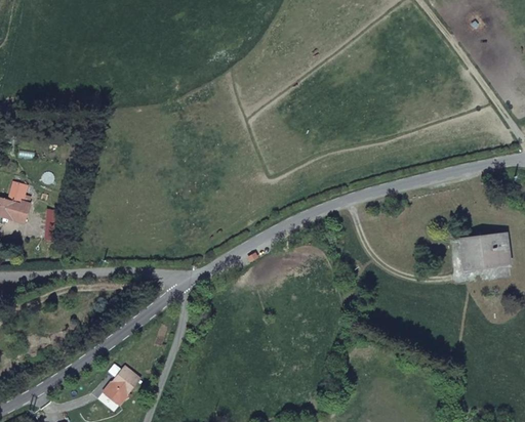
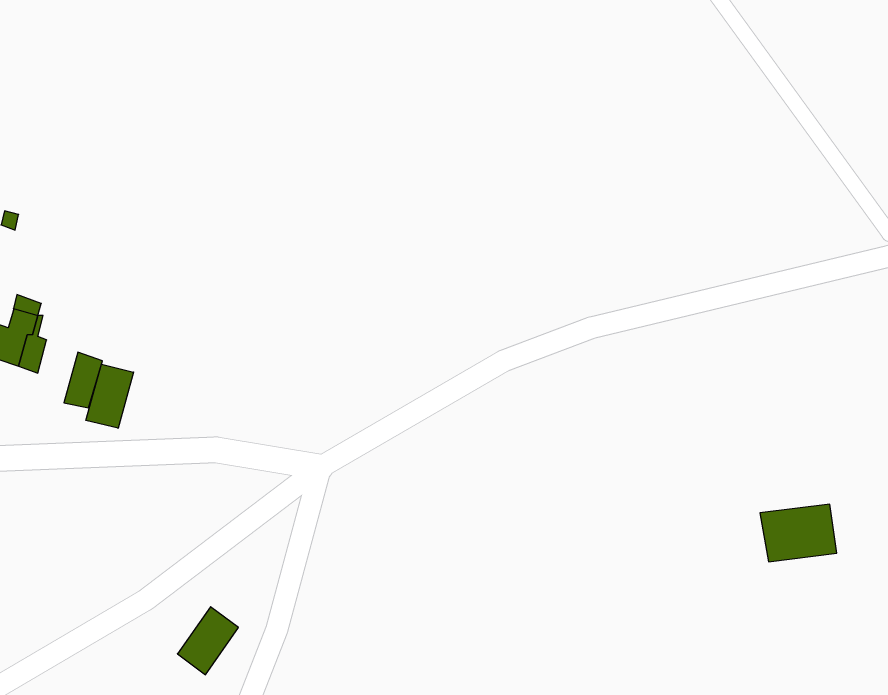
building: none -> [86,364,134,428]
building: [461,235,507,268] -> [760,504,837,562]

